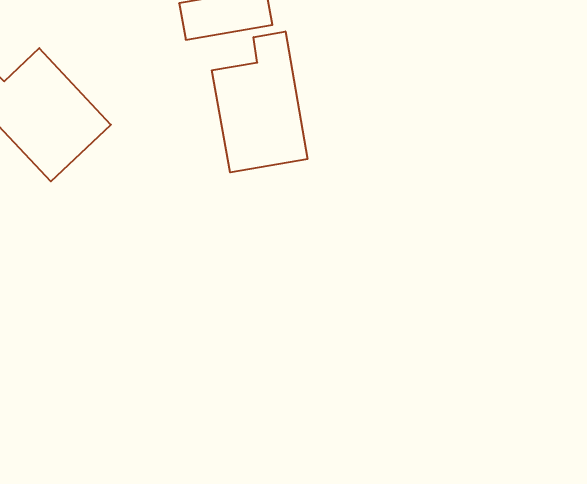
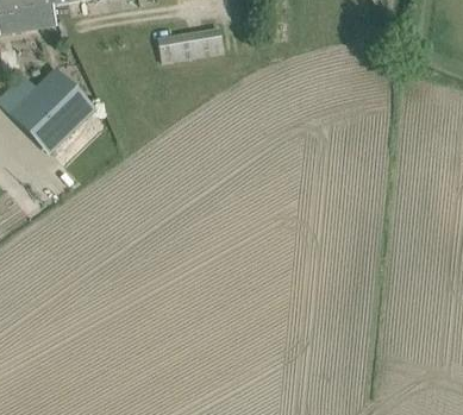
building: [212,31,307,172] -> none

